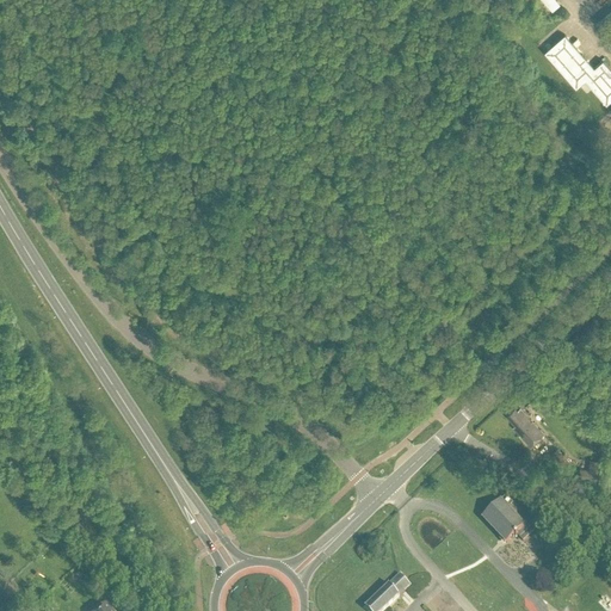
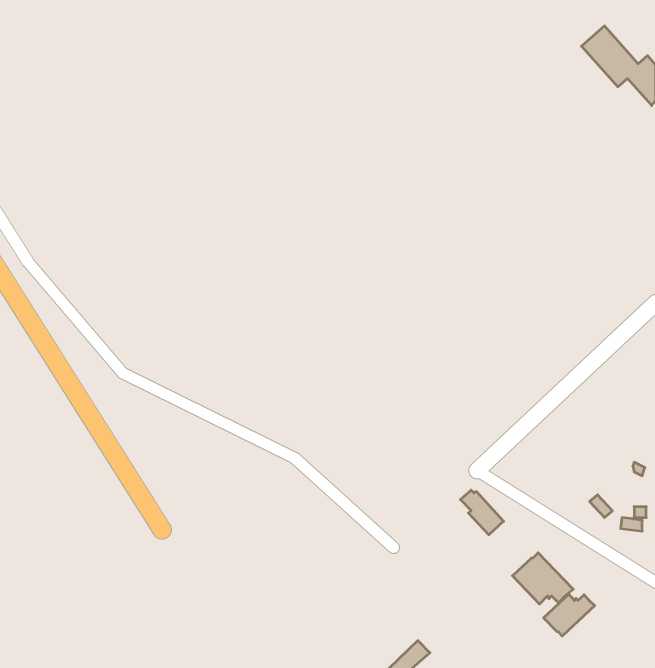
building: [504,405,542,444] -> [460,490,504,535]
building: none -> [544,594,595,636]

